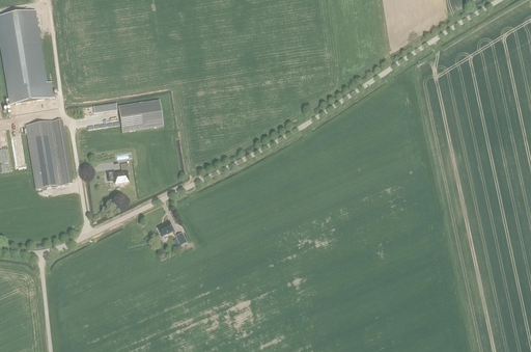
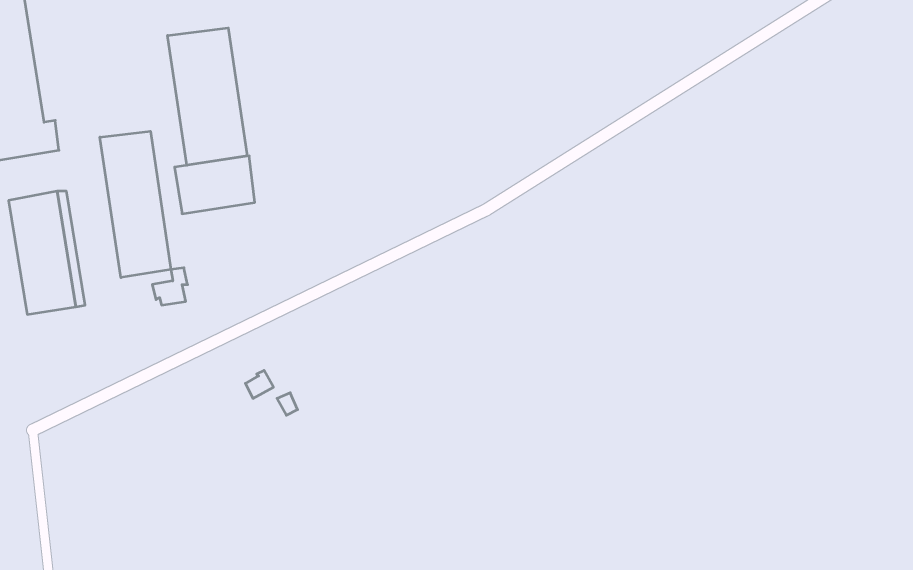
building: none -> [168,28,247,165]
building: none -> [100,131,171,278]

